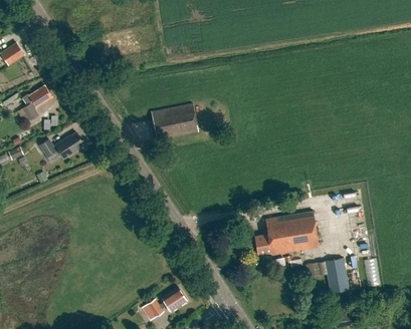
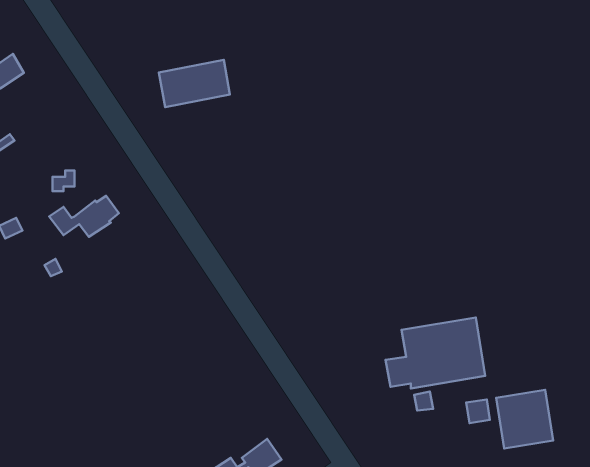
building: [23,85,53,120] -> none
building: [152,109,197,139] -> [159,60,230,107]

